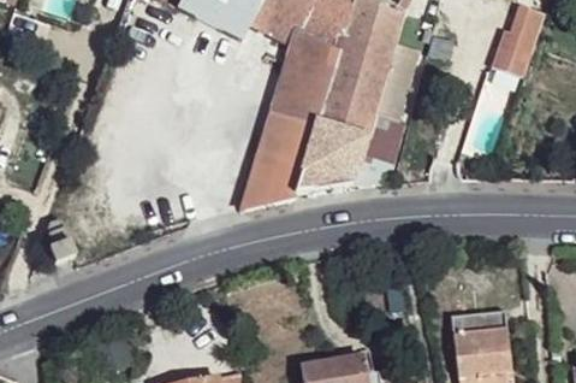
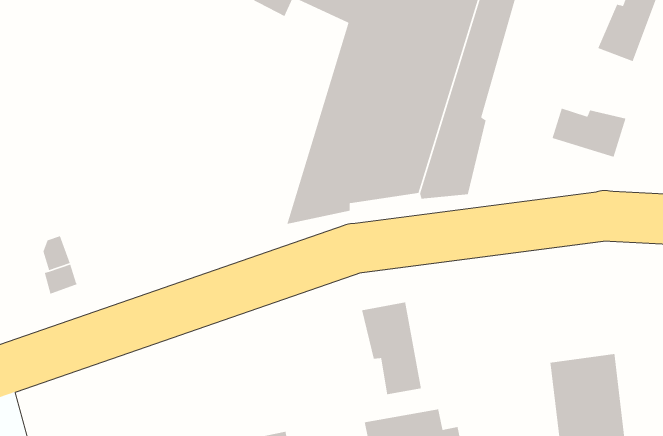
building: none -> [551,107,626,158]
building: none -> [361,302,422,395]

